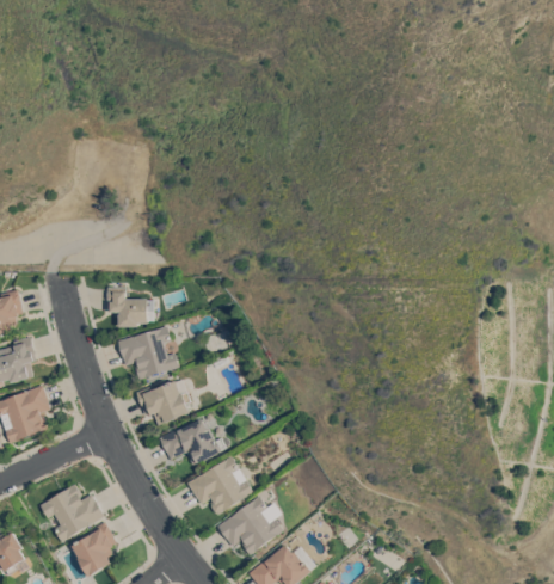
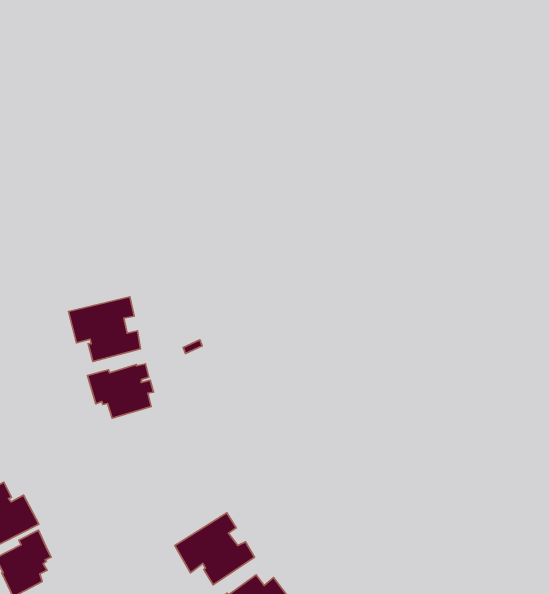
building: [107,287,154,326] -> none
building: [160,418,226,465] -> none
building: [186,455,253,515] -> none

